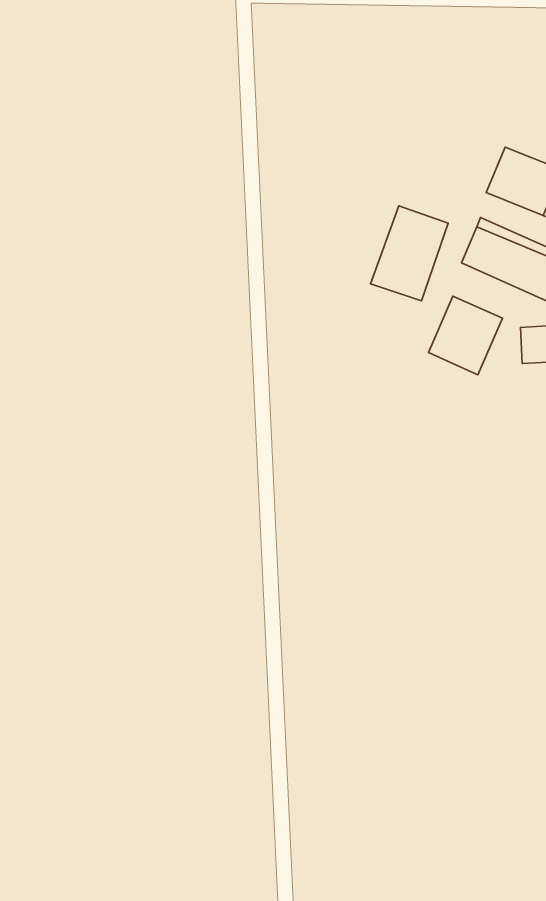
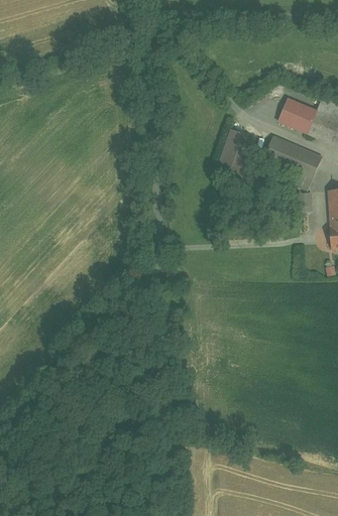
building: [428,296,502,375] -> none

